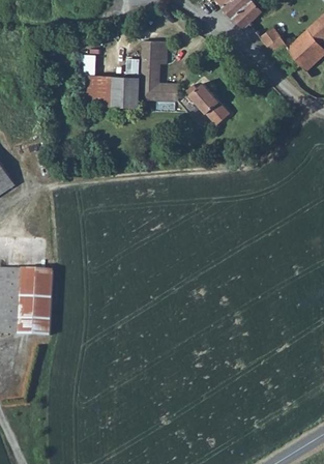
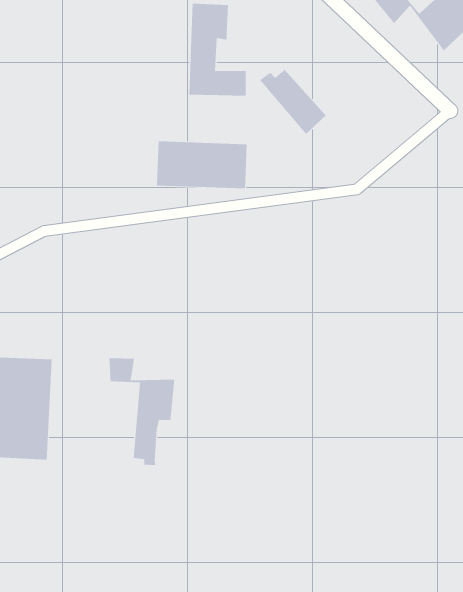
building: [80,76,139,107] -> [156,141,247,189]
building: none -> [109,358,175,466]

